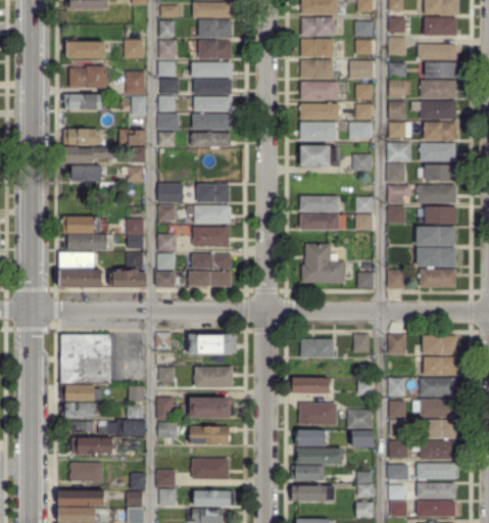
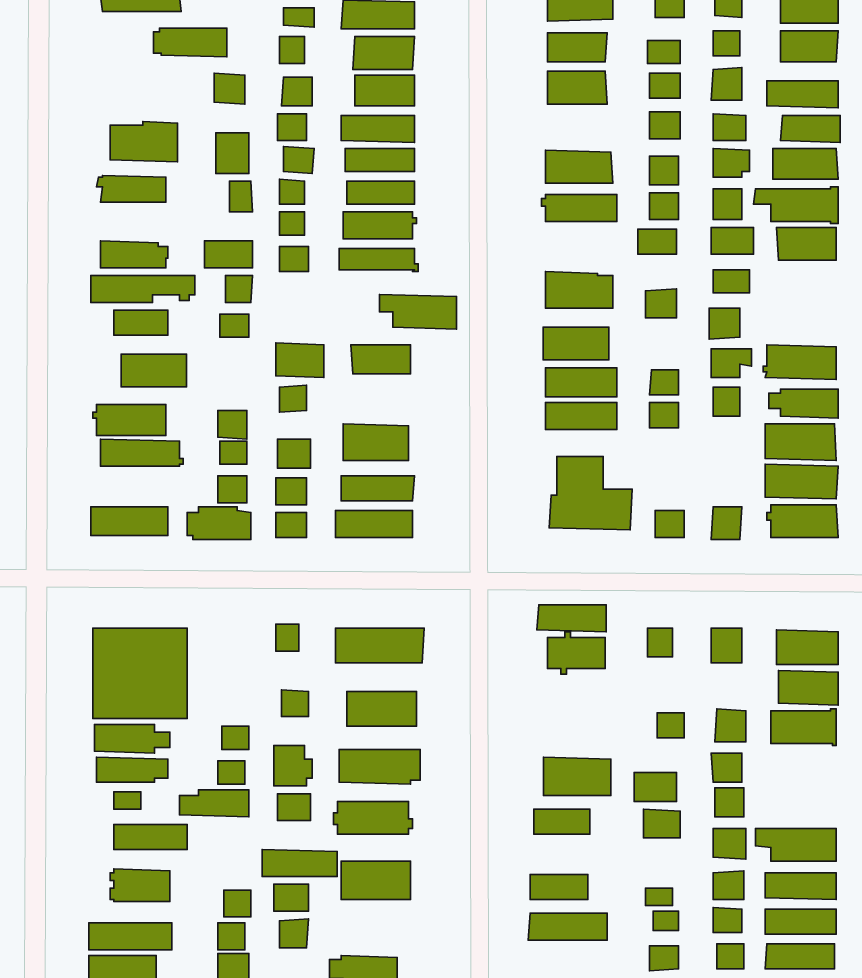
building: [65,42,104,57] -> [154,28,227,57]
building: [301,60,332,77] -> none
building: [300,122,335,139] -> [543,327,609,360]
building: [421,142,454,159] -> none
building: [418,164,455,181] -> none
building: [187,204,228,223] -> [379,294,456,329]
building: [59,252,94,270] -> [121,354,187,387]
building: [291,378,328,392] -> [537,605,606,632]
building: [411,398,454,416] -> none
building: [423,420,454,436] -> none
building: [296,447,341,463] -> none
building: [194,490,234,505] -> [262,849,337,876]

